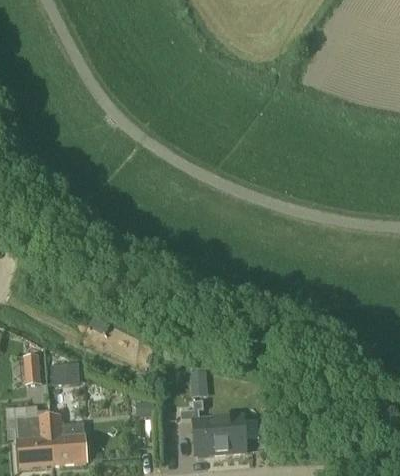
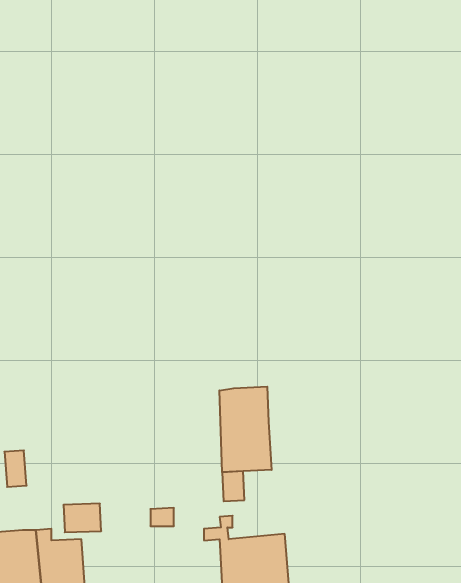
building: none -> [219,387,272,472]
building: [51,360,80,382] -> [63,504,101,532]

